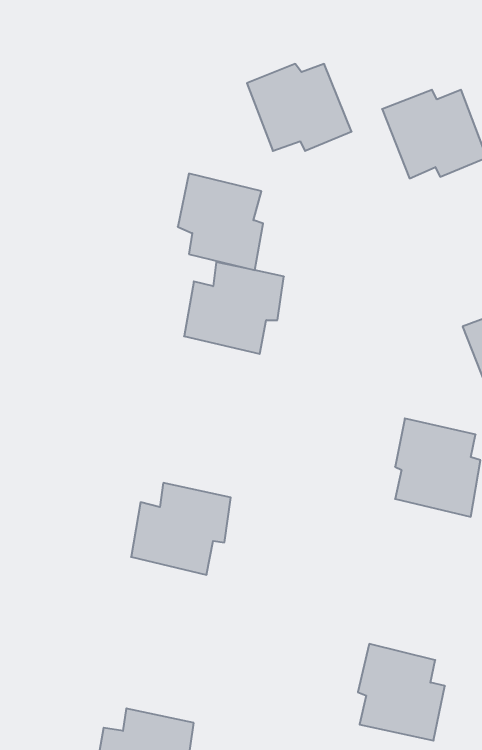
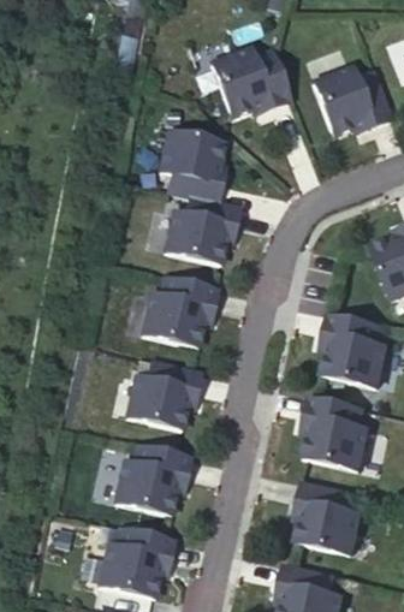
building: none -> [141,279,215,347]
building: none -> [302,396,367,469]
building: none -> [114,445,189,513]

